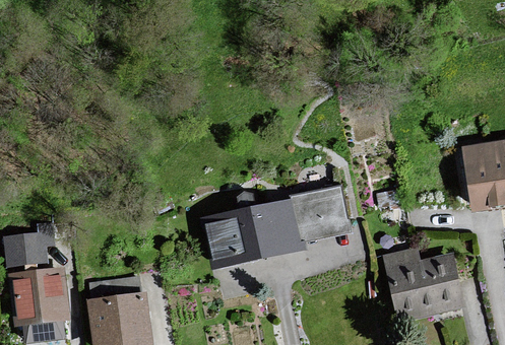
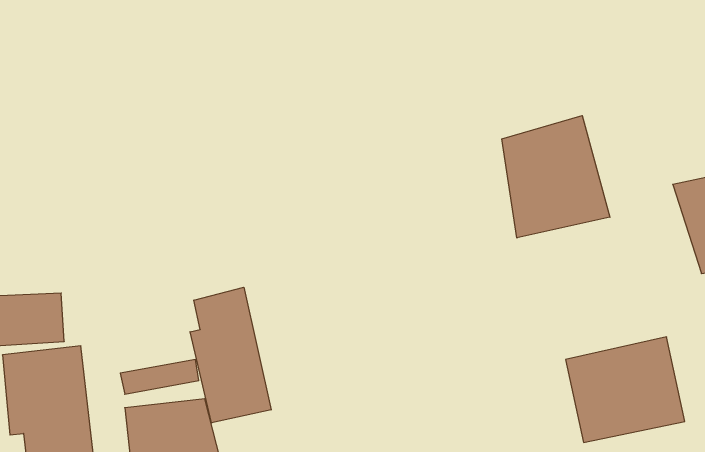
building: none -> [502,116,610,238]
building: [199,184,354,265] -> none
building: none -> [190,287,271,423]

